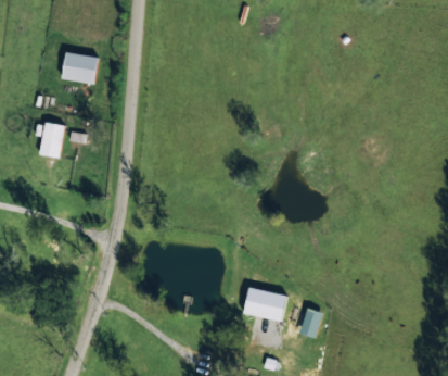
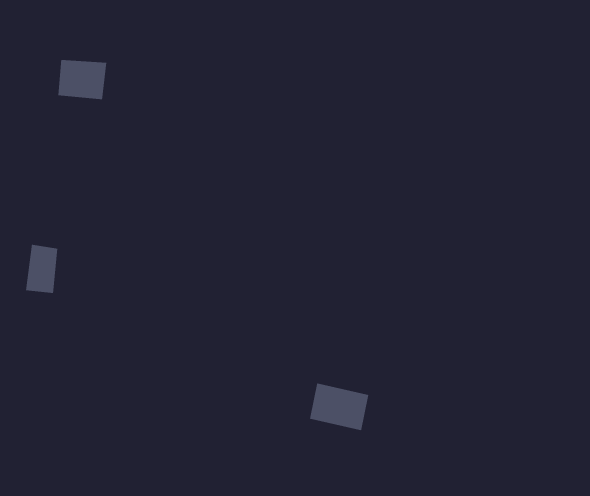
building: [39,122,63,158] -> [25,244,58,294]
building: [298,308,322,338] -> none

